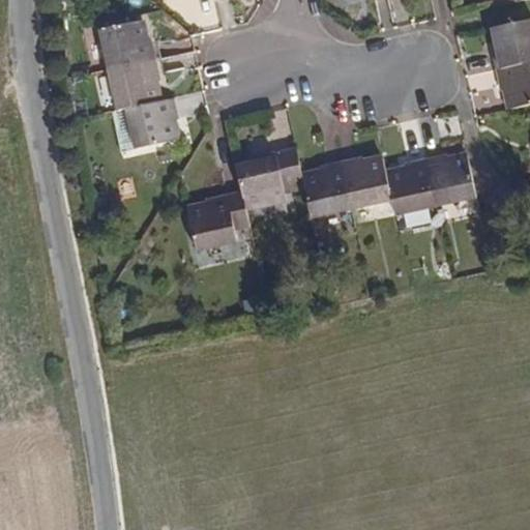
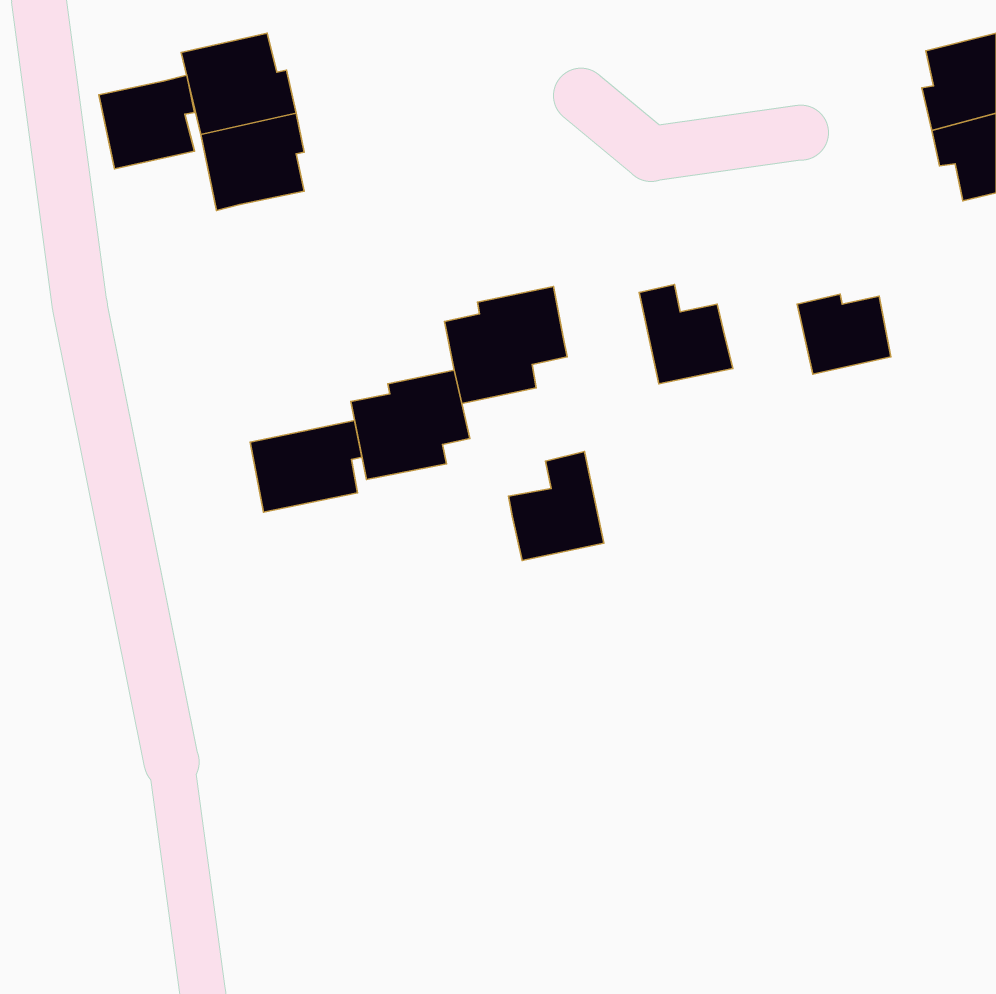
building: [127,98,178,148] -> [99,75,194,169]
building: [299,155,350,213] -> [508,451,604,561]
building: [384,161,432,207] -> none
building: none -> [250,421,362,512]

